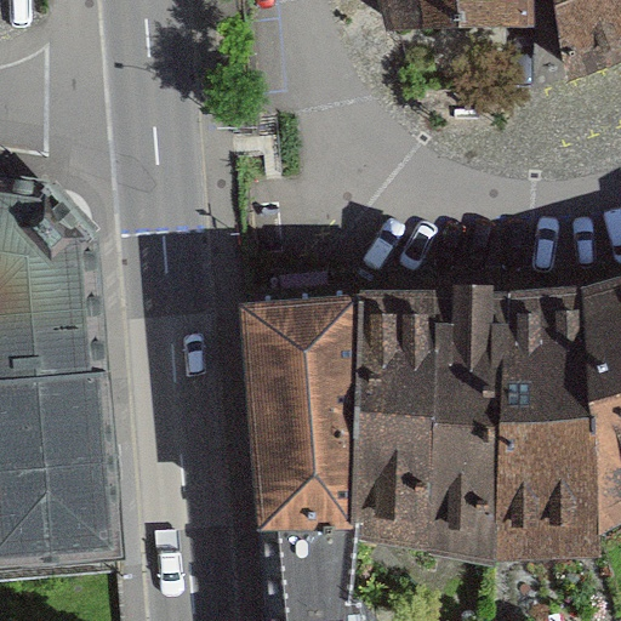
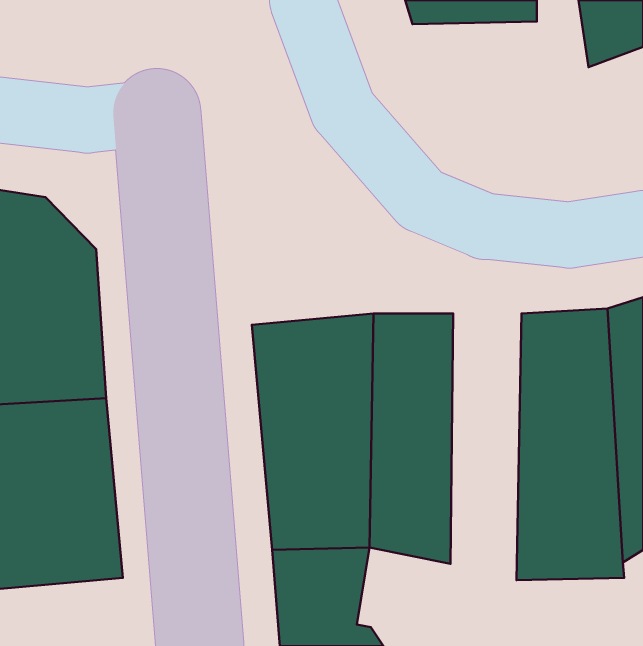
building: [432,301,500,557] -> none

